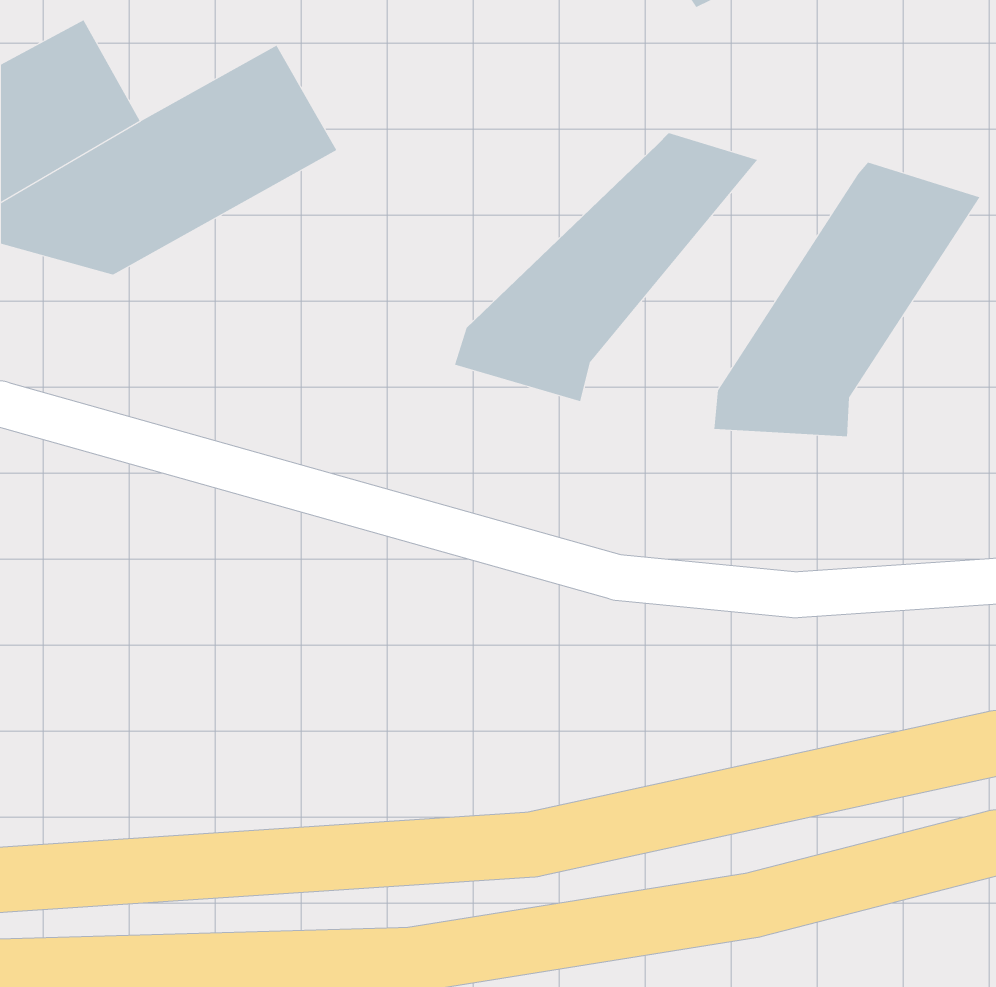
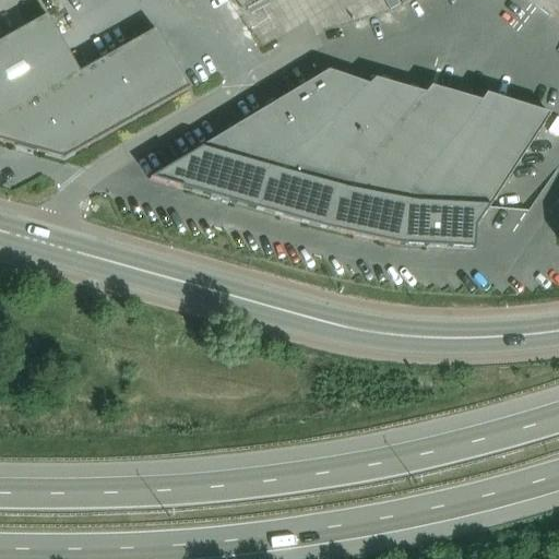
building: none -> [150,67,368,204]
building: none -> [325,83,480,240]

